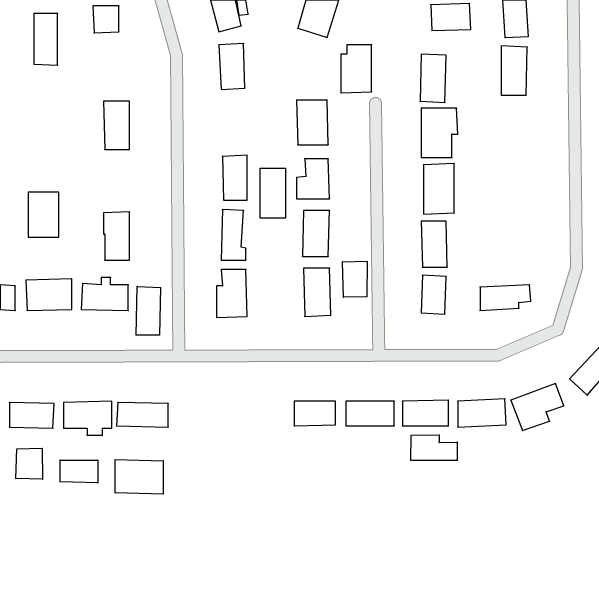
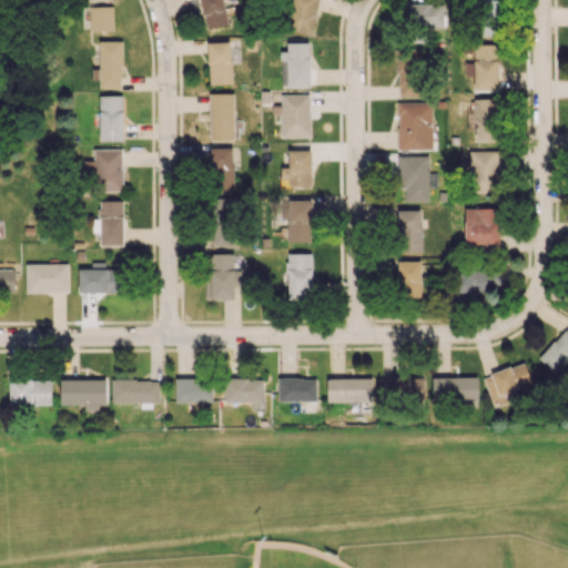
building: [34,13,58,65] -> [101,41,123,90]
building: [341,45,372,93] -> [283,43,312,89]
building: none -> [475,99,500,142]
building: none -> [466,151,500,192]
building: [260,168,286,218] -> [211,94,235,141]
building: [28,192,59,237] -> [94,150,123,192]
building: none -> [465,209,500,245]
building: [343,261,367,297] -> none
building: [136,286,161,335] -> none
building: none -> [176,378,214,403]
building: none -> [225,378,265,403]
building: [411,435,457,460] -> none
building: [16,448,43,479] -> none
building: [115,460,163,494] -> none
building: [60,460,98,483] -> none

